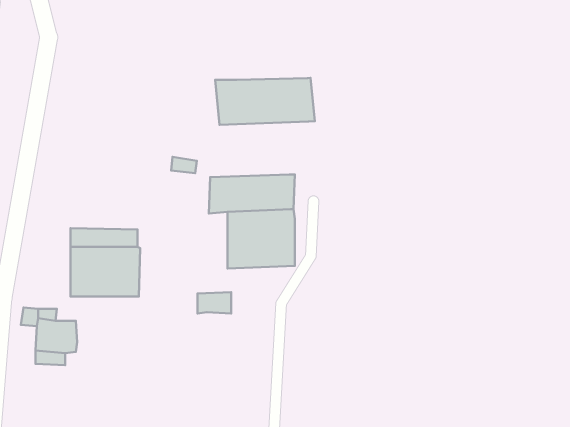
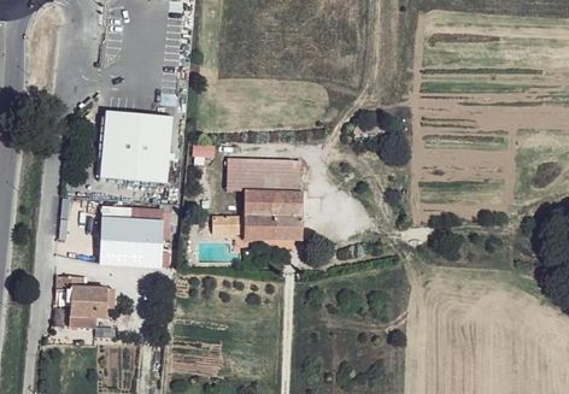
building: [215,78,315,125] -> none
building: none -> [100,110,172,184]
building: [198,292,231,314] -> [211,213,241,233]

